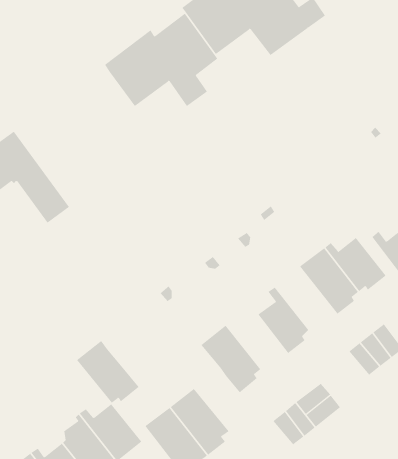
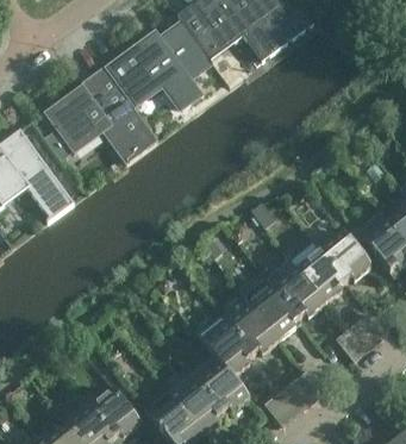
building: none -> [45,75,157,158]
building: none -> [266,257,324,317]
building: none -> [219,302,277,354]
building: [76,340,140,403] -> [189,352,249,412]

